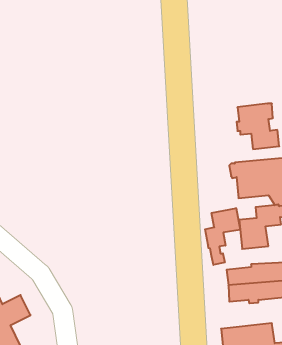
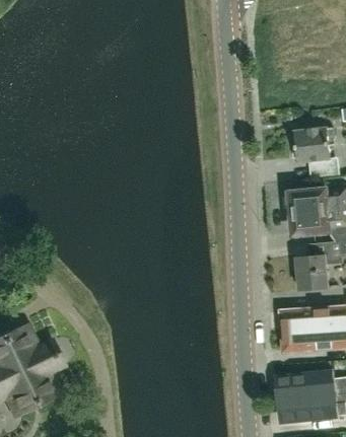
building: [205,208,240,265] -> none

